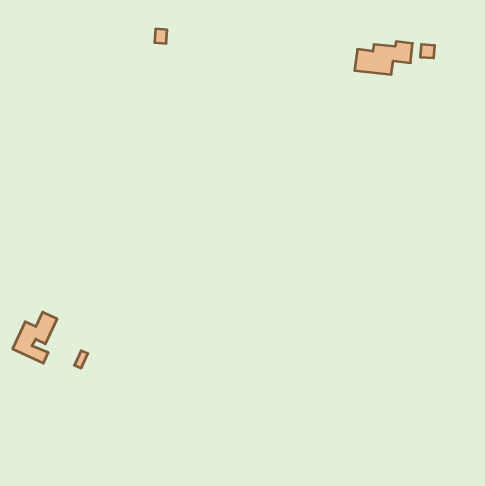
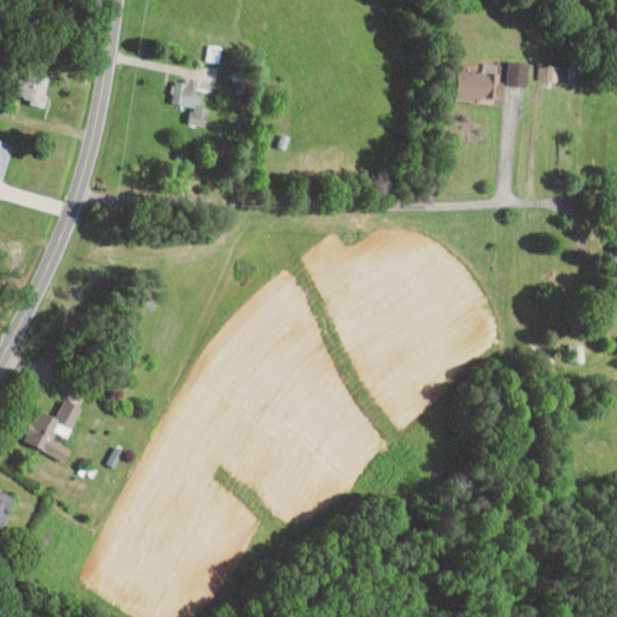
building: none -> [22,71,48,106]
building: none -> [169,81,206,125]

